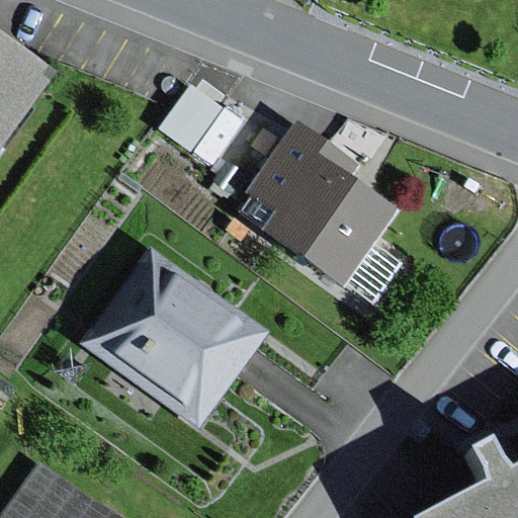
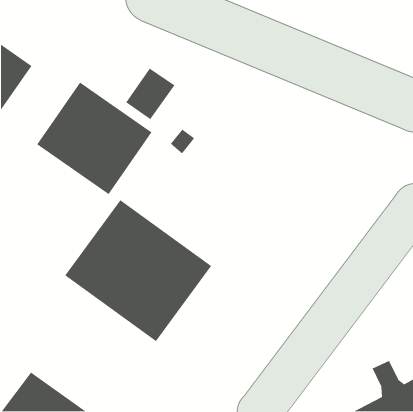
building: none -> [36,82,152,195]
building: [245,124,396,291] -> none

